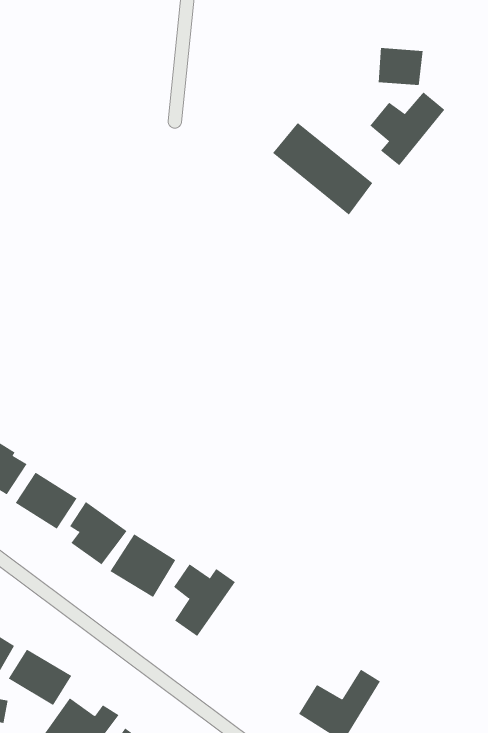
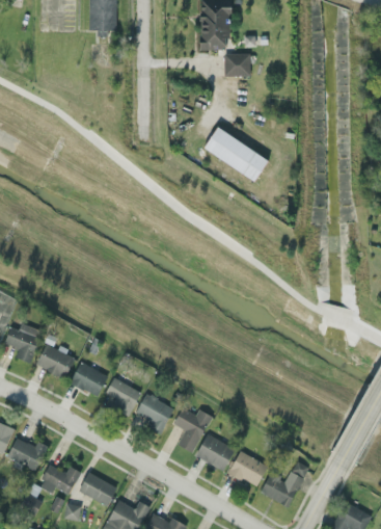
building: [378,47,424,86] -> [223,53,250,76]
building: [369,92,445,166] -> none
building: none -> [195,433,235,470]
building: none -> [228,450,268,486]

